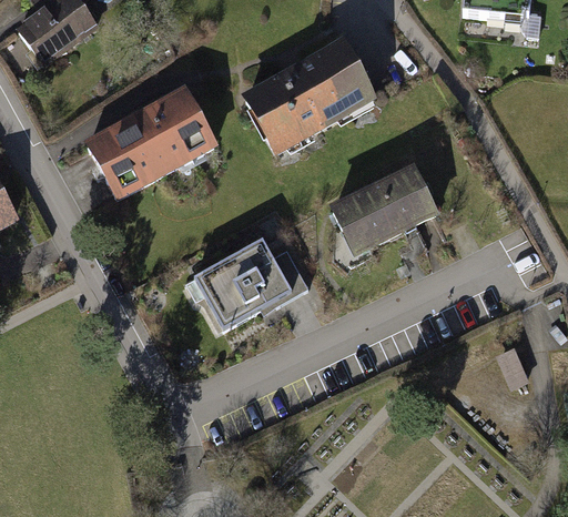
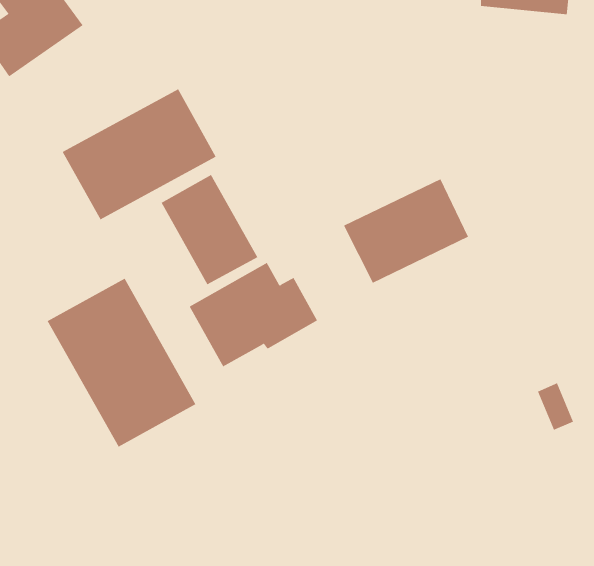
building: [236,40,376,160] -> none
building: none -> [161,174,258,285]
building: none -> [47,278,196,448]

